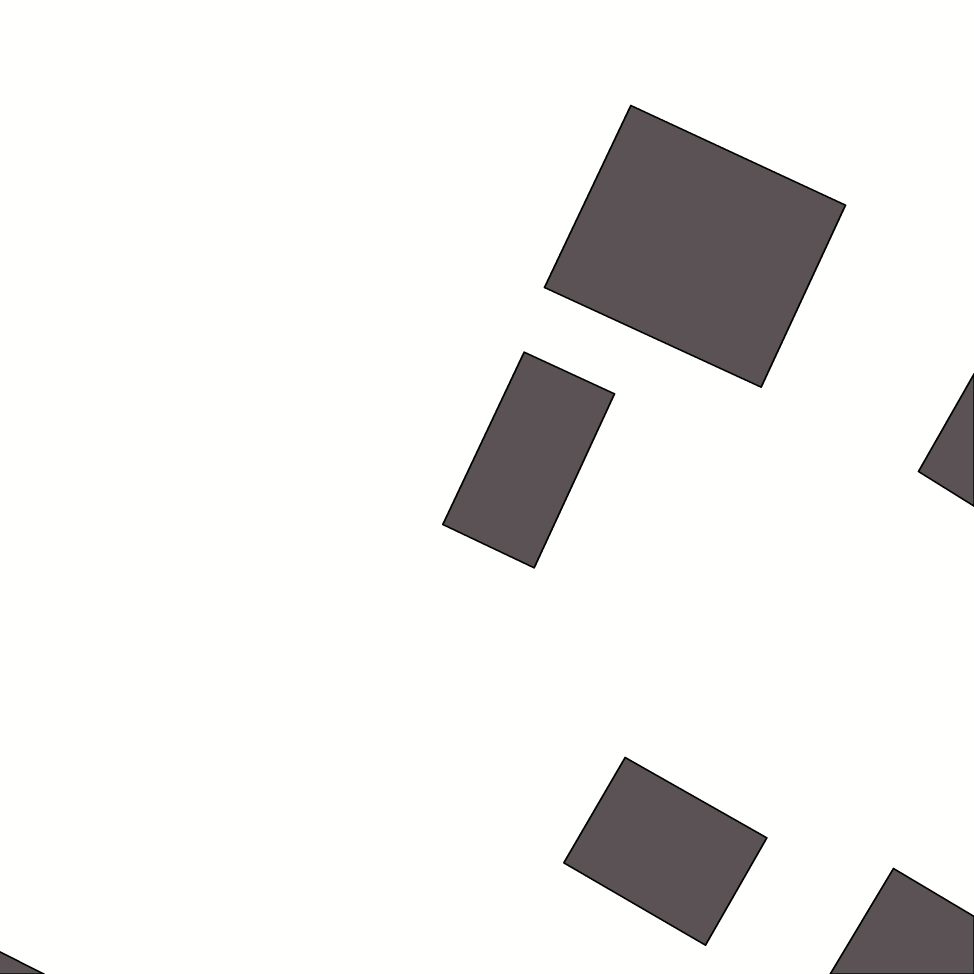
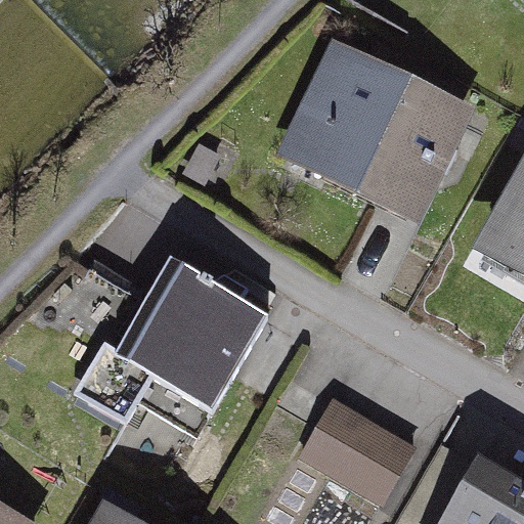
building: [443,352,615,568] -> none
building: none -> [78,259,267,417]

